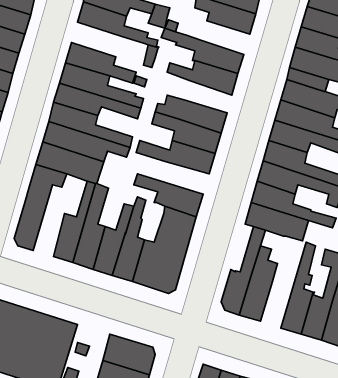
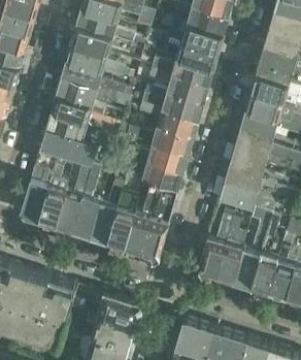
building: none -> [169,20,224,53]
building: none -> [70,25,133,55]
building: none -> [149,68,208,103]
building: none -> [127,145,189,173]
building: none -> [37,165,64,227]
building: none -> [233,209,272,289]

